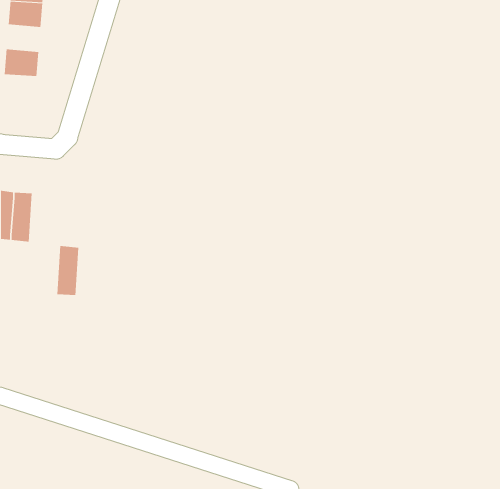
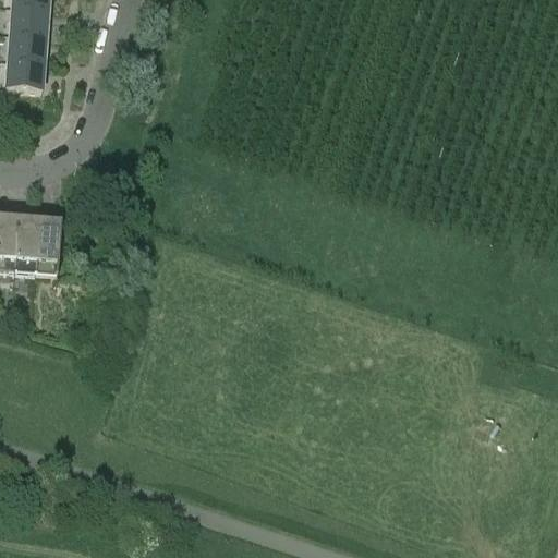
building: none -> [8,27,47,58]
building: [57,246,79,296] -> [34,215,59,270]

